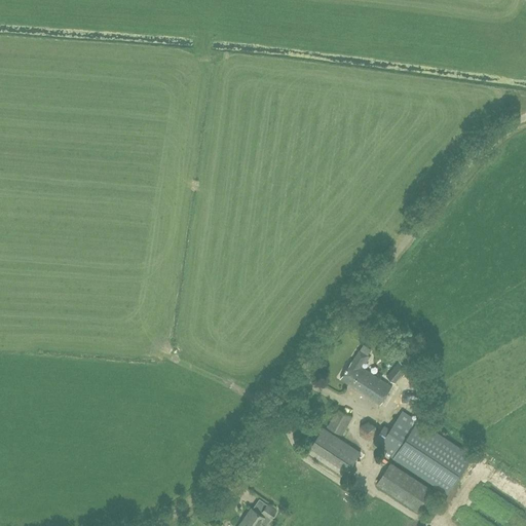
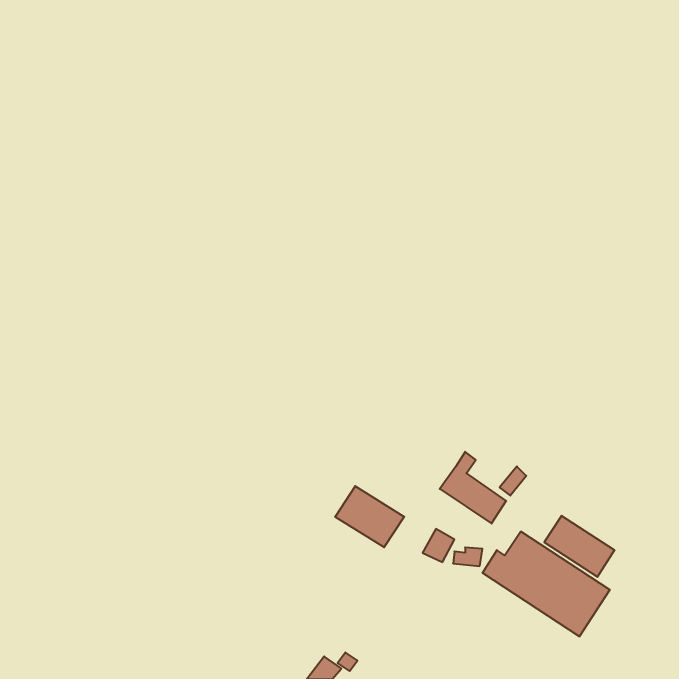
building: [307,428,361,476] -> [335,486,404,547]
building: [377,463,431,511] -> [544,516,615,577]

